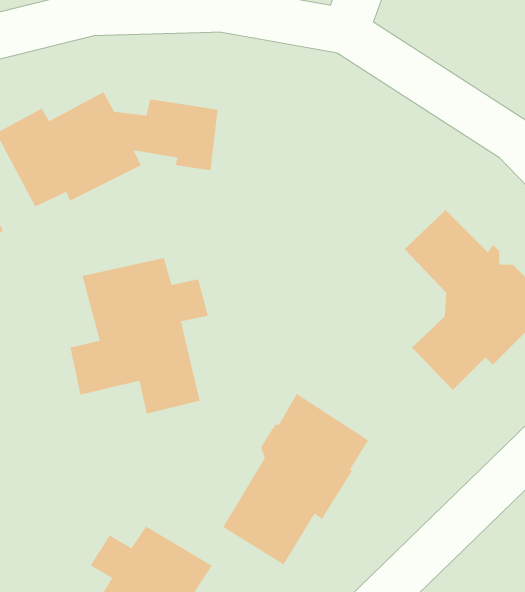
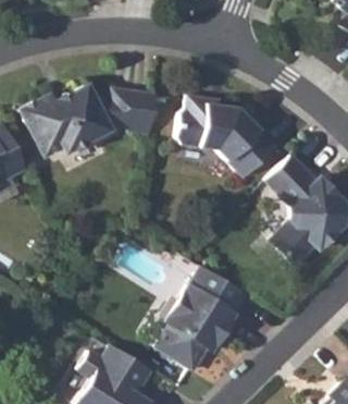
building: none -> [176,96,275,177]
building: [69,257,209,414] -> none

